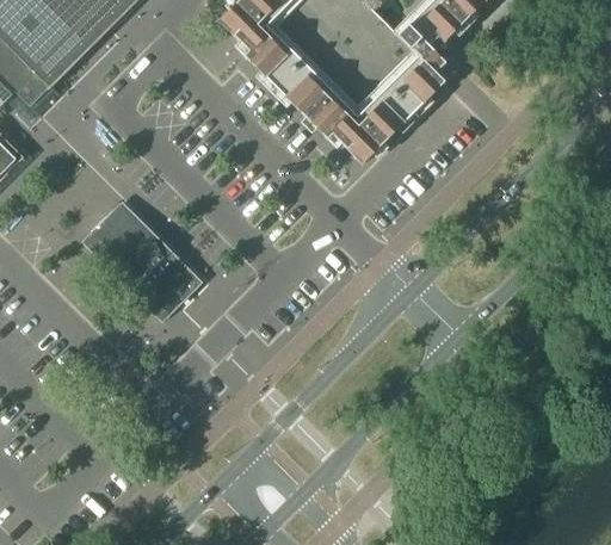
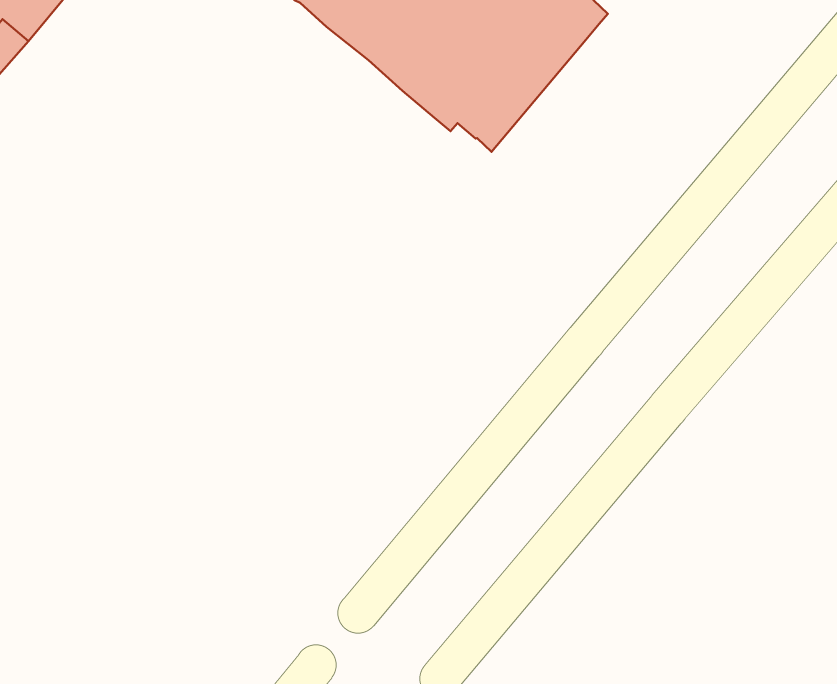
building: [85,199,203,320] -> none

